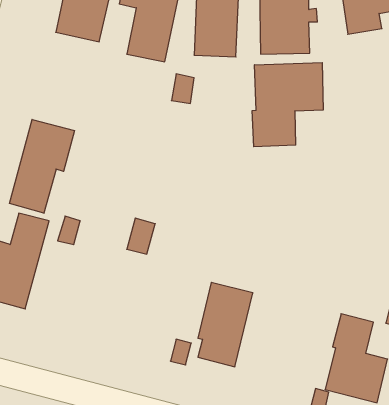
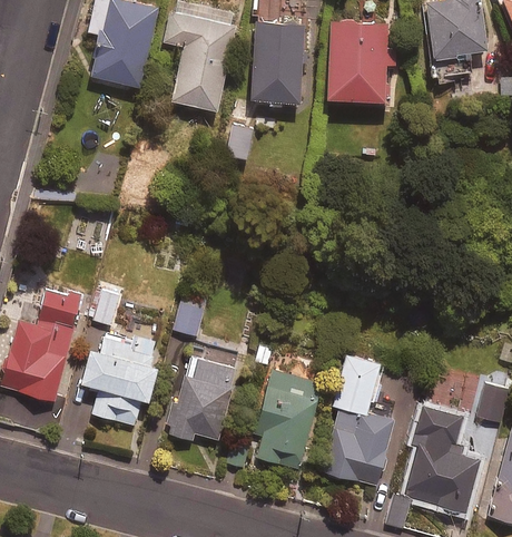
building: [252,63,323,147] -> none
building: [10,119,74,213] -> none
building: none -> [82,335,158,426]
building: none -> [324,357,393,486]
building: none -> [169,359,236,440]

